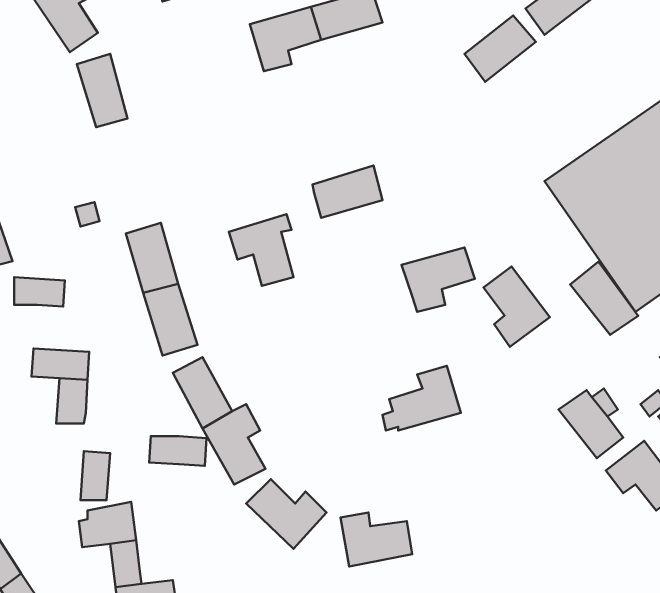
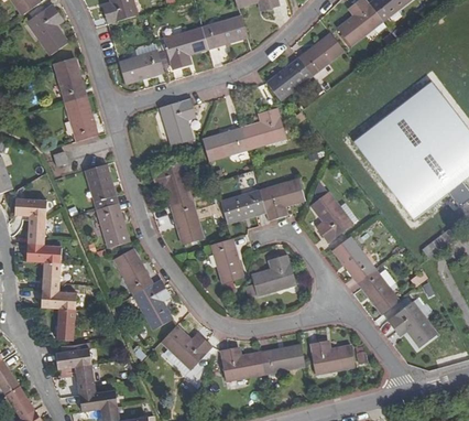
building: none -> [118,44,163,83]
building: none -> [266,57,312,100]
building: none -> [66,98,97,141]
building: none -> [161,98,195,145]
building: none -> [241,107,286,150]
building: [570,262,638,335] -> [332,236,375,282]
building: none -> [220,191,265,223]
building: none -> [171,198,203,244]
building: none -> [26,216,45,245]
building: none -> [211,238,243,283]
building: [149,436,207,466] -> [40,291,76,310]
building: none -> [309,341,356,374]
building: none -> [262,345,305,374]

